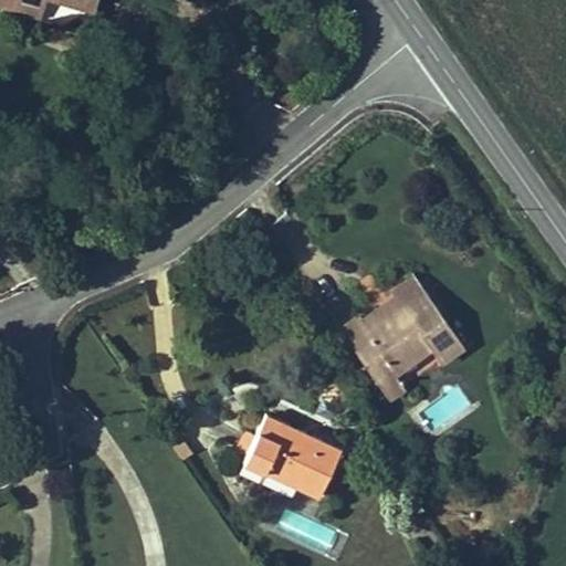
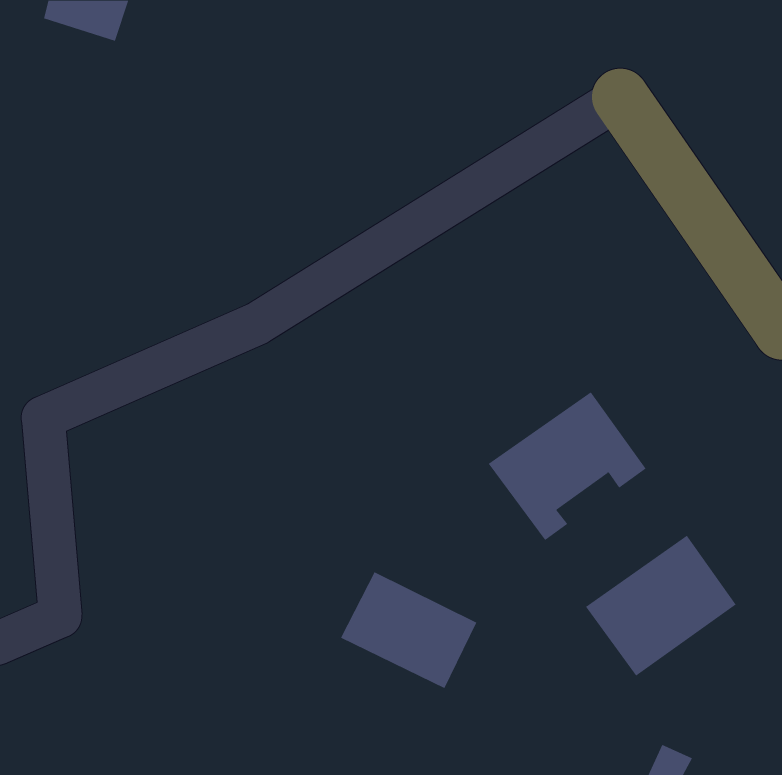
building: [338,271,424,342] -> none
building: none -> [585,535,736,676]

